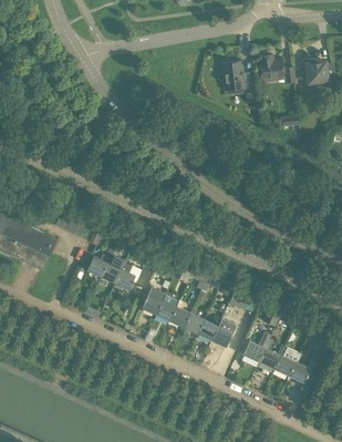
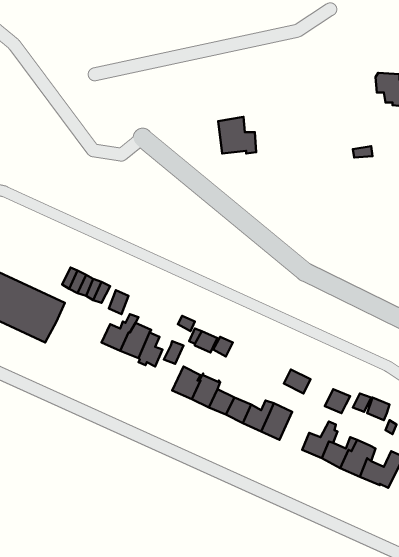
building: [259,55,294,83] -> none
building: [221,61,251,90] -> [218,117,256,153]

